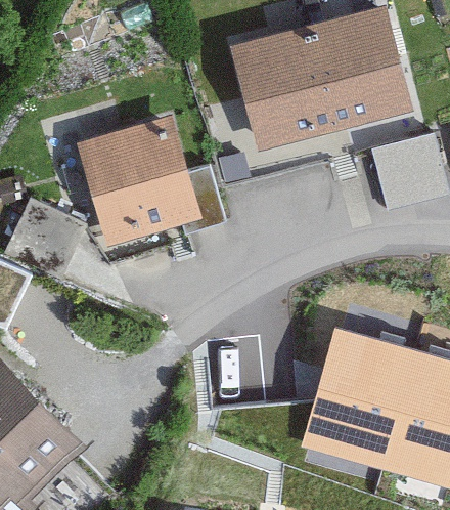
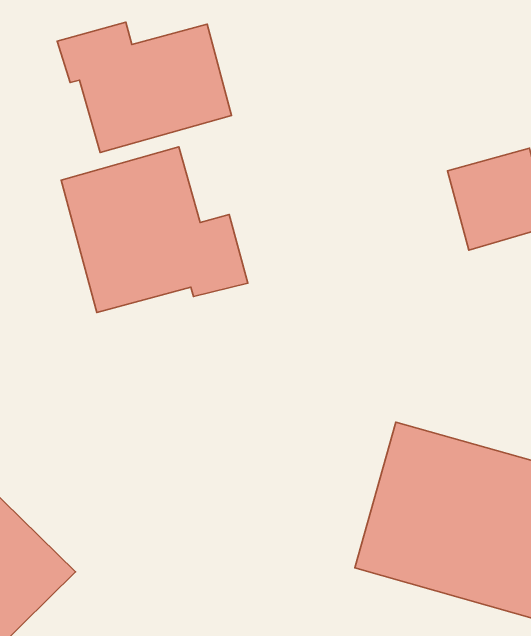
building: [229,10,403,148] -> none
building: none -> [57,22,231,152]

